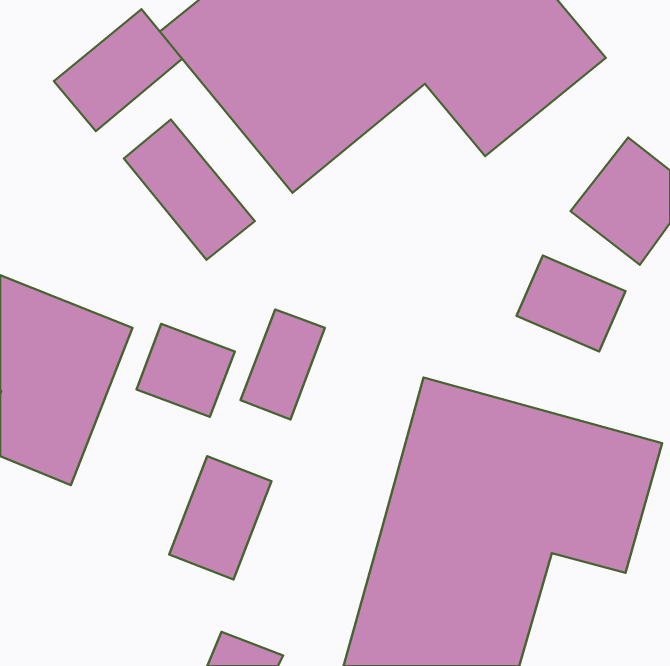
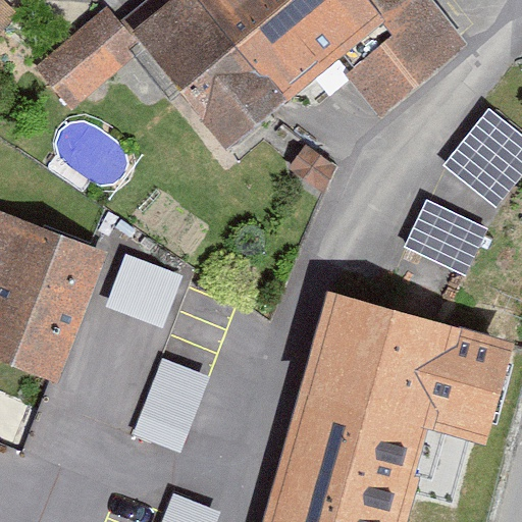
building: [124,119,255,260] -> none
building: [241,310,325,419] -> none

